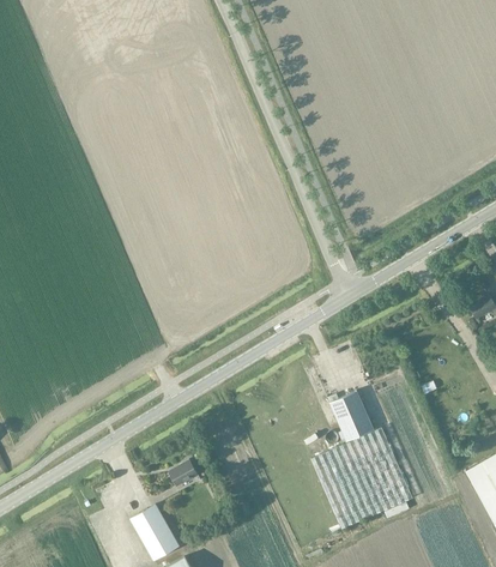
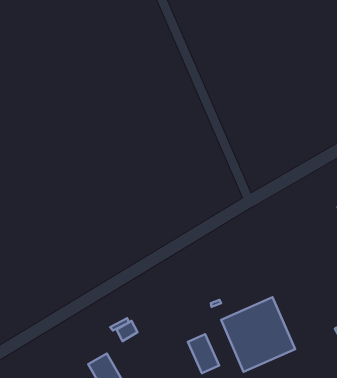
building: [329,391,374,441] -> none
building: none -> [188,334,219,373]

